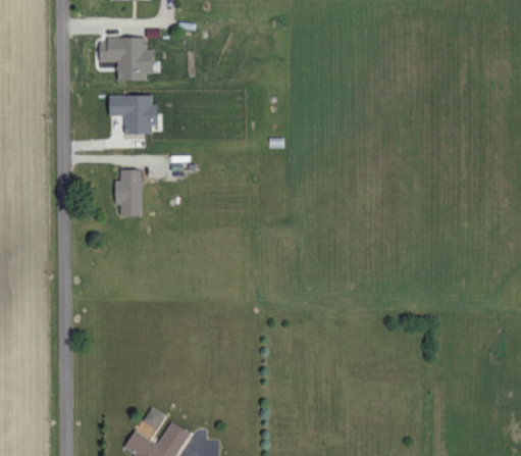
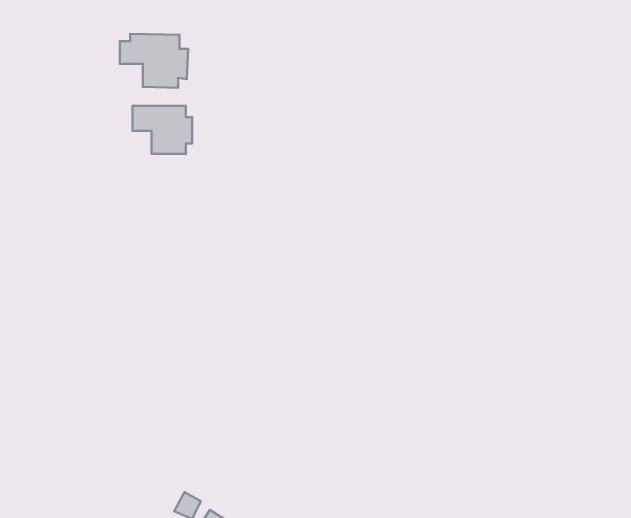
building: [115,169,141,215] -> none

